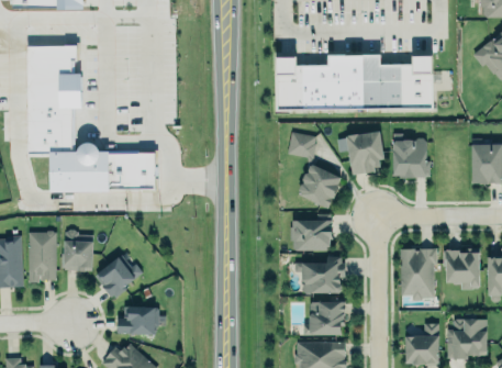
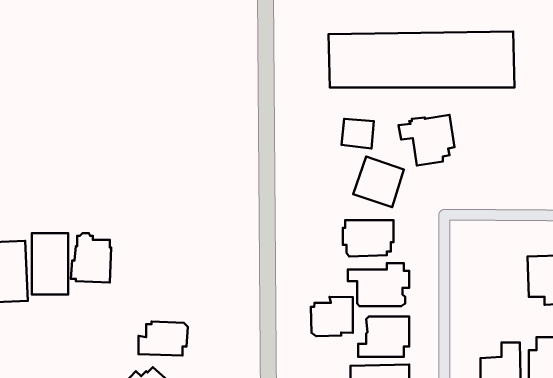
building: [29,47,156,192] -> none
building: [392,133,431,178] -> none
building: [401,248,437,301] -> none
building: [94,256,143,299] -> none
building: none -> [311,297,353,336]

